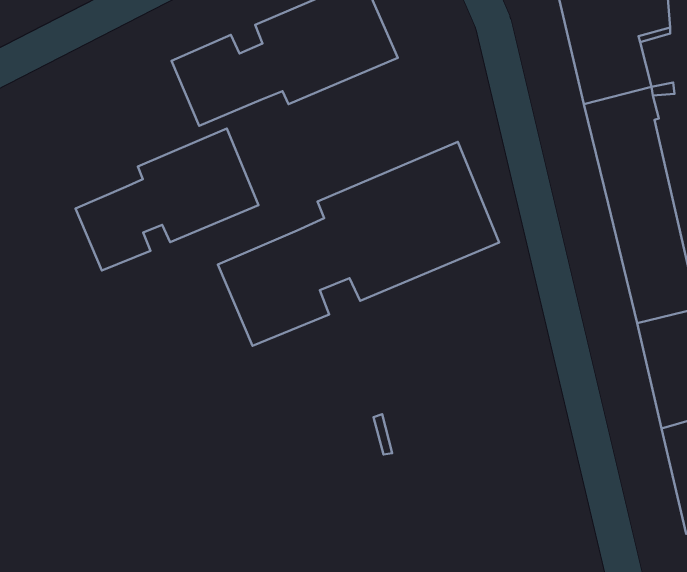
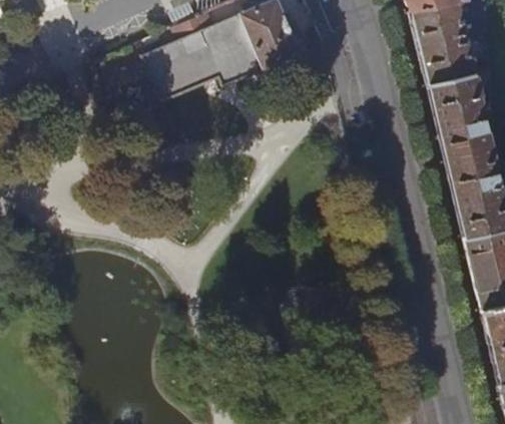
building: [76,129,258,271] -> none
building: [218,142,499,346] -> none

